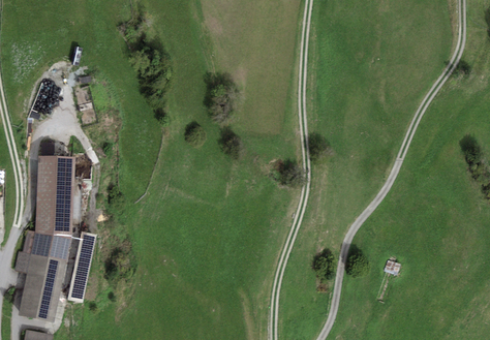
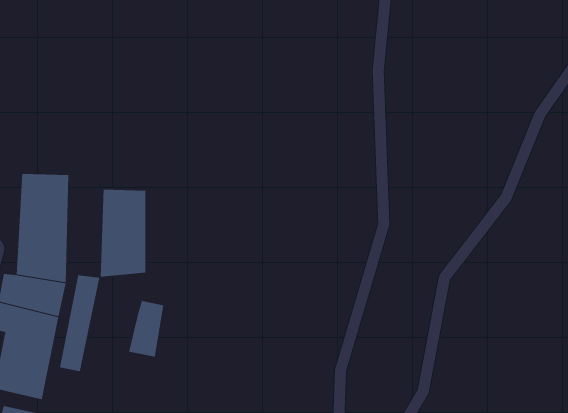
building: none -> [100,189,146,278]
building: none -> [129,300,164,357]

